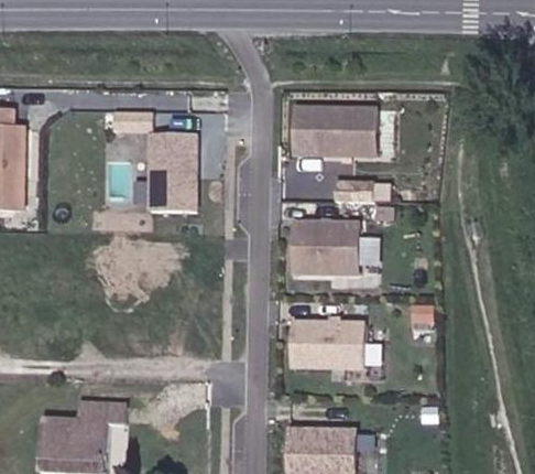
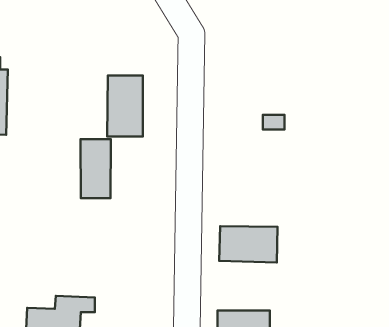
building: [295,105,374,153] -> none
building: none -> [80,139,111,198]
building: [294,219,358,272] -> none

